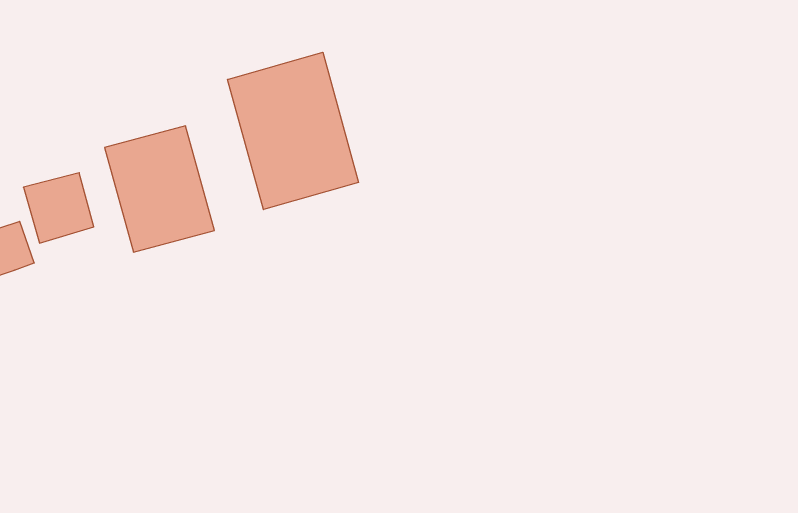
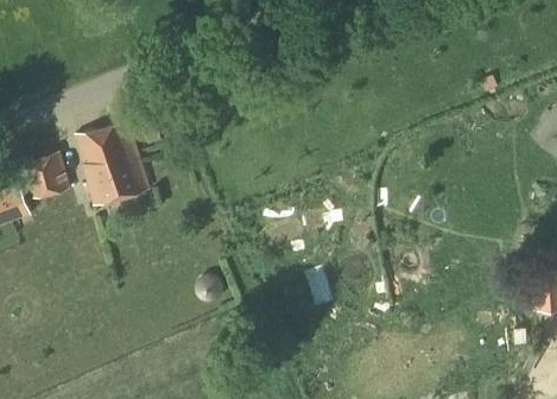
building: [228,52,359,210] -> none

